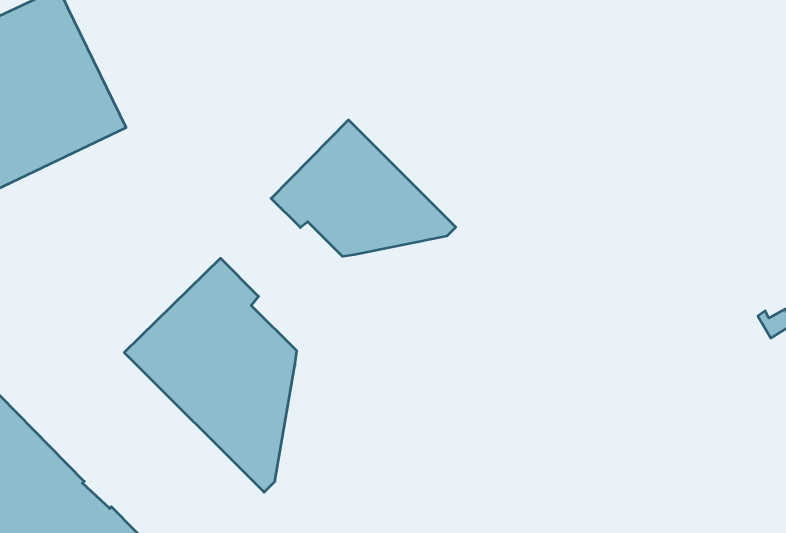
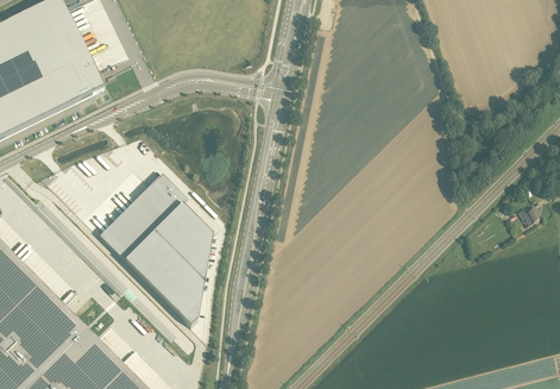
building: [271,120,456,256] -> none

